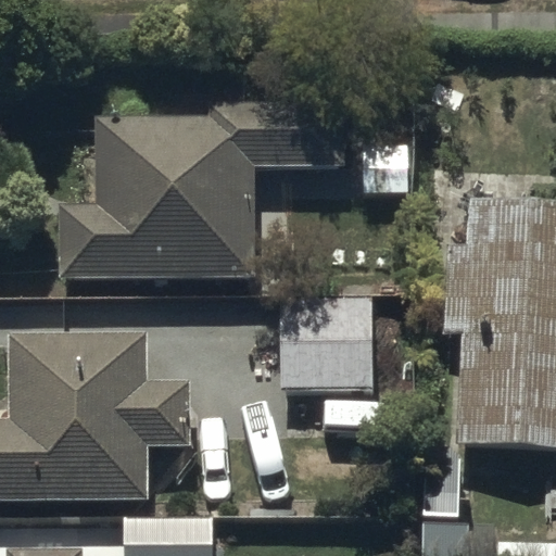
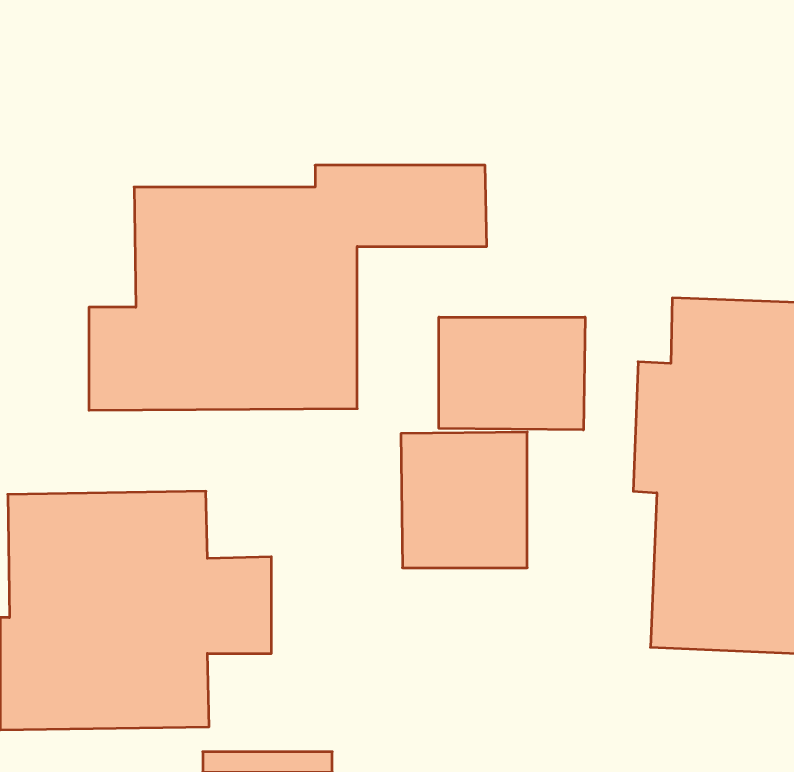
building: none -> [439,317,585,430]

